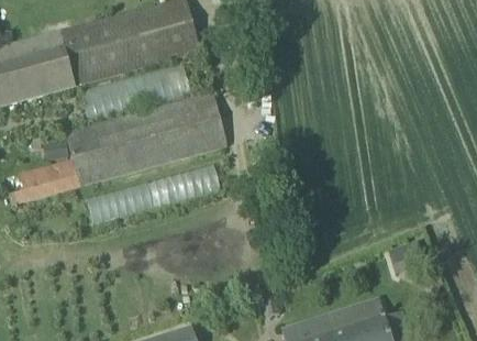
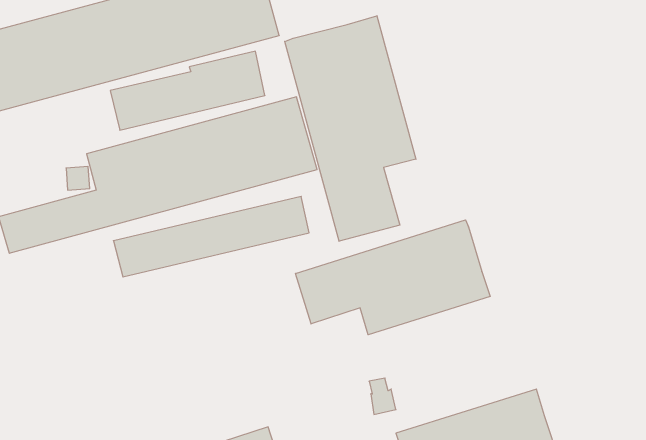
building: none -> [285,16,416,241]
building: none -> [296,220,490,335]

